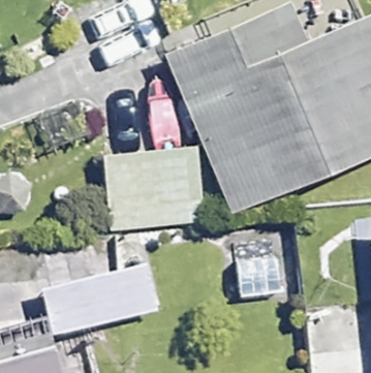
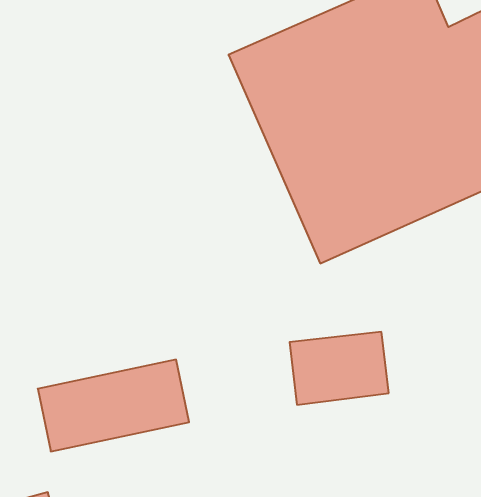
building: [101,146,199,228] -> none

